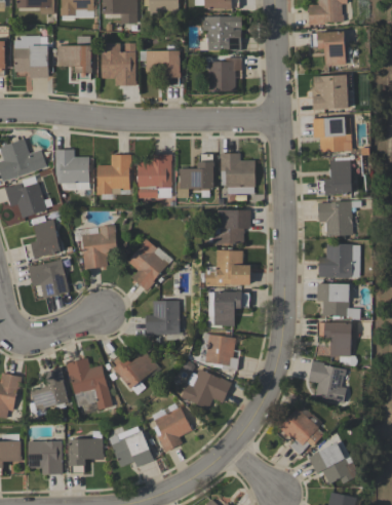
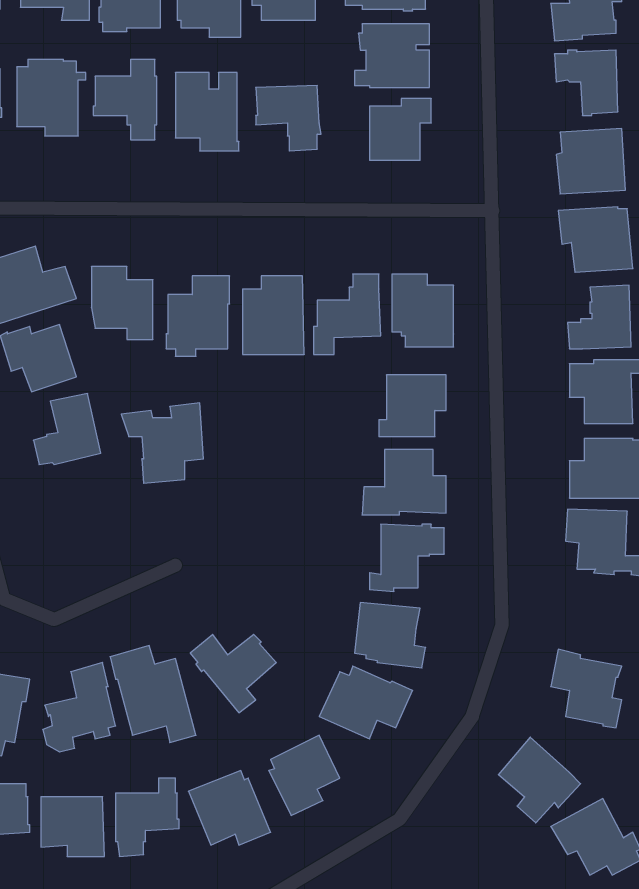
building: [128,239,168,290] -> none
building: [28,260,70,298] -> none
building: [145,301,180,336] -> none
building: [317,322,351,365] -> none

